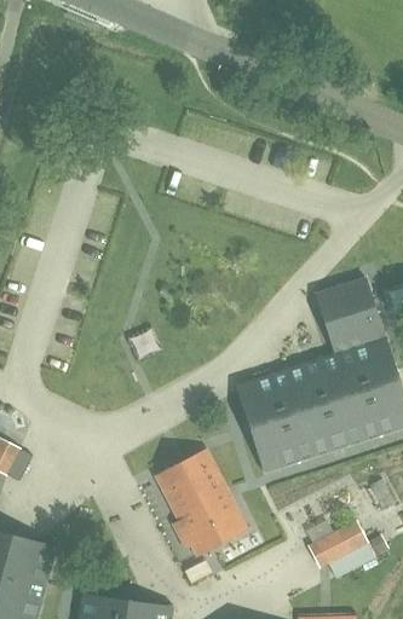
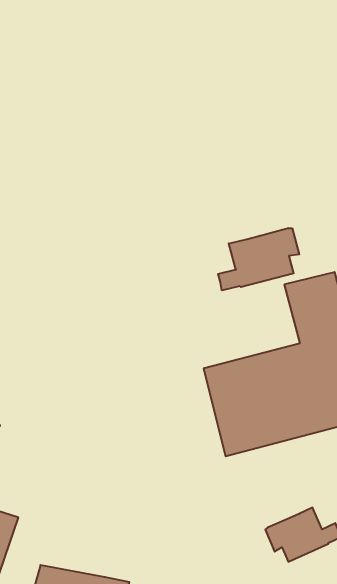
building: none -> [218,228,299,290]
building: [156,450,248,555] -> none

